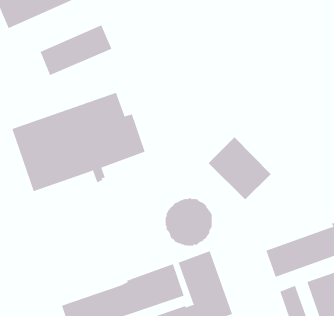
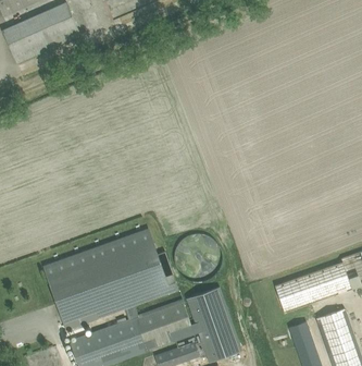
building: [40,24,112,76] -> none
building: [12,92,146,192] -> [42,230,177,330]
building: [208,136,272,200] -> none

